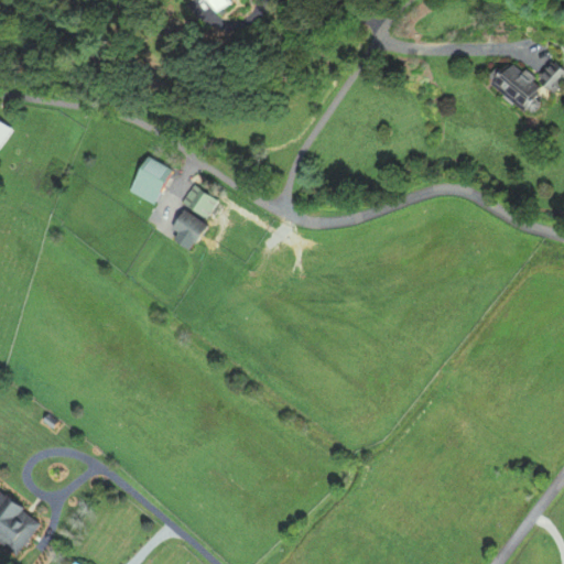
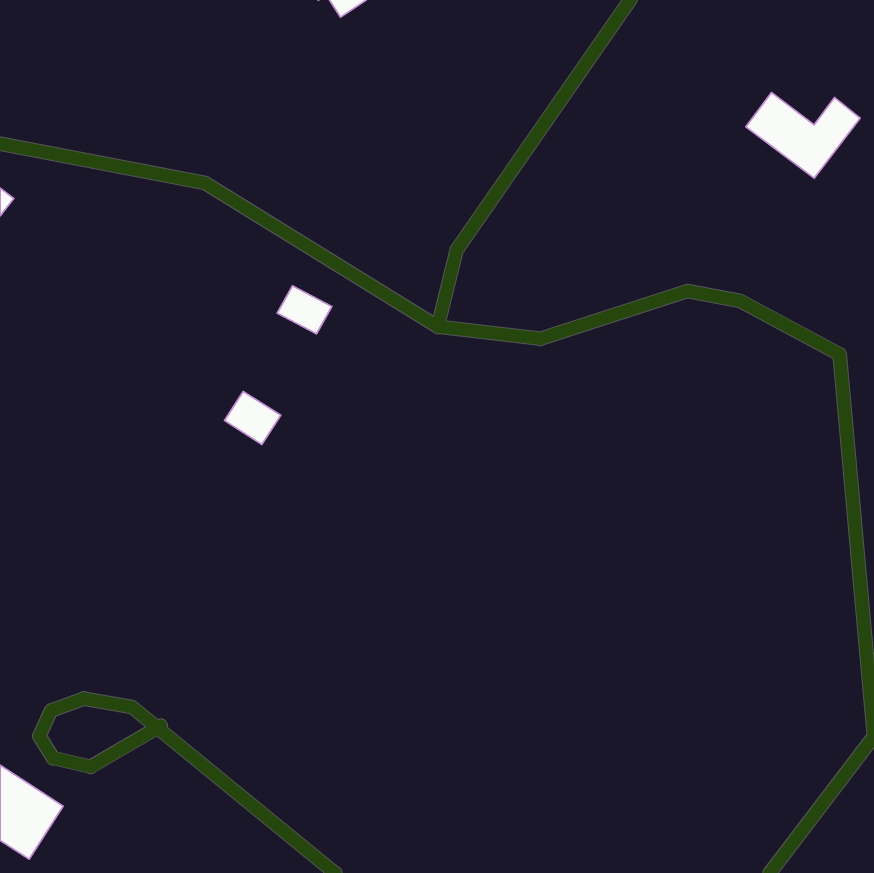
building: [128,156,170,205] -> none
building: [171,209,207,243] -> [224,391,281,444]

